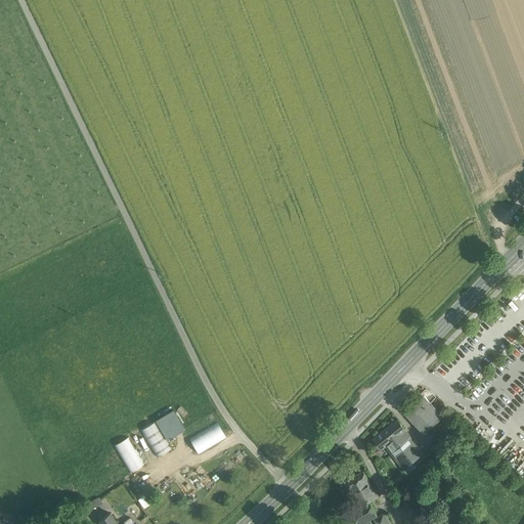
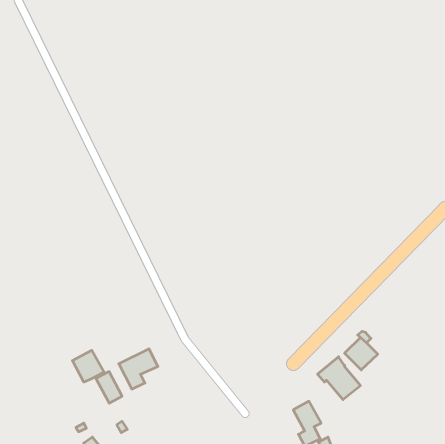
building: none -> [72,350,104,382]
building: [189,423,226,454] -> none

